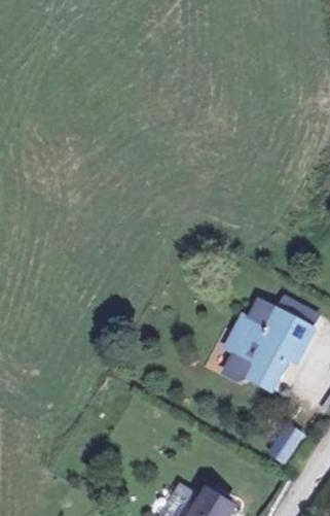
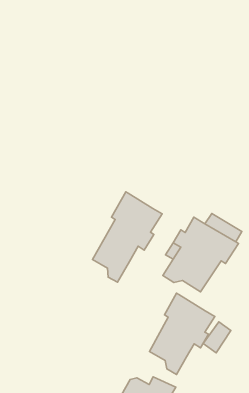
building: none -> [93,192,162,282]
building: none -> [149,293,215,374]

